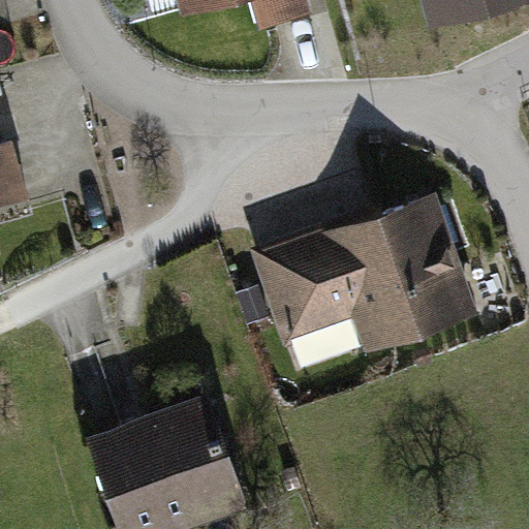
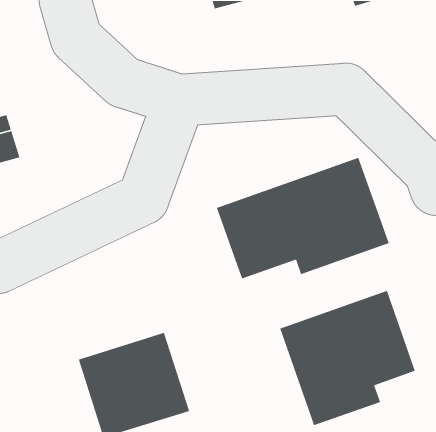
building: none -> [279,290,416,426]

